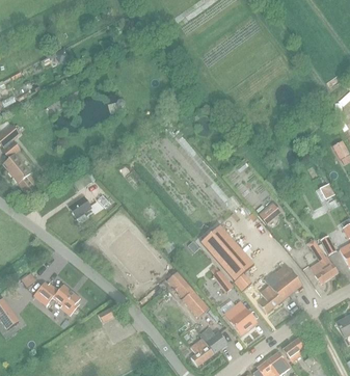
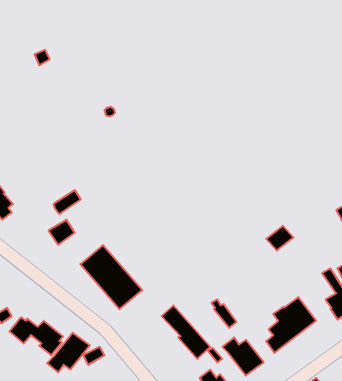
building: [199,224,253,280] -> [80,245,142,309]
building: none -> [47,333,90,372]

